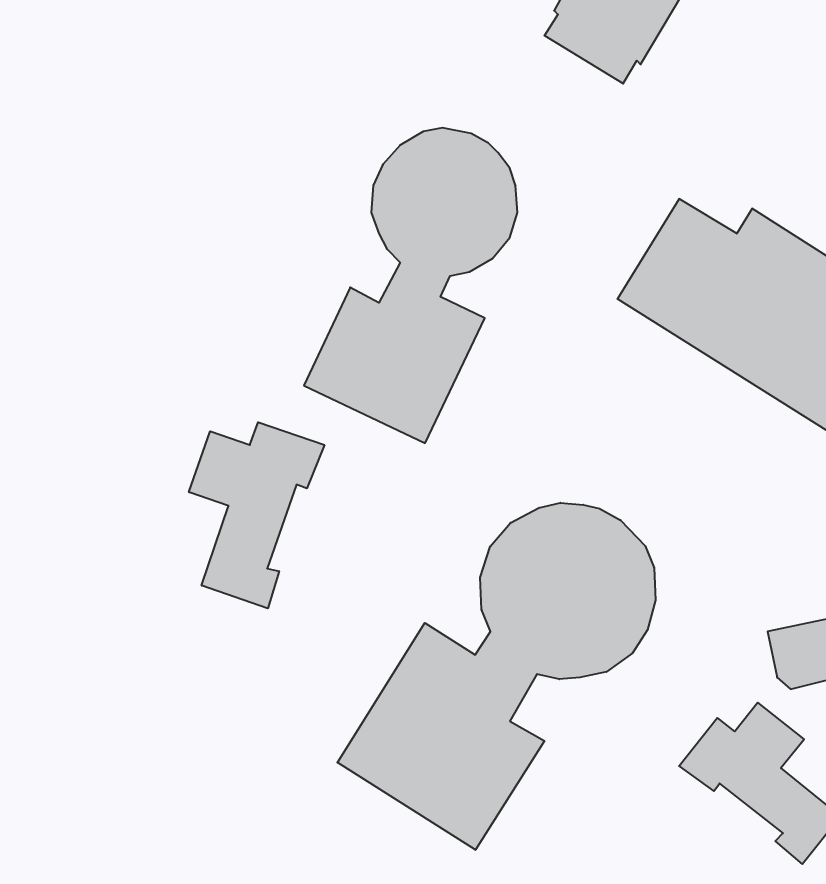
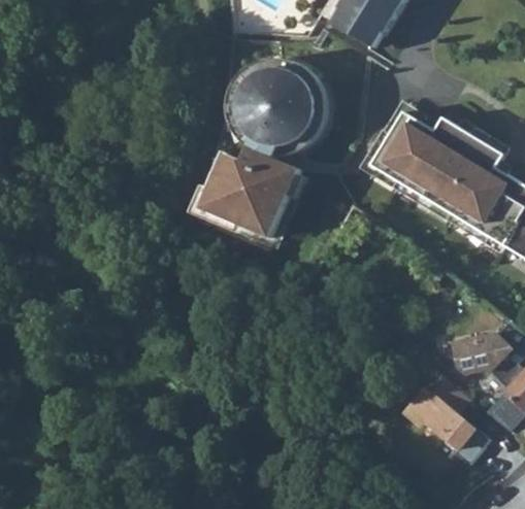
building: [189,422,324,608] -> none
building: [337,503,656,850] -> none

